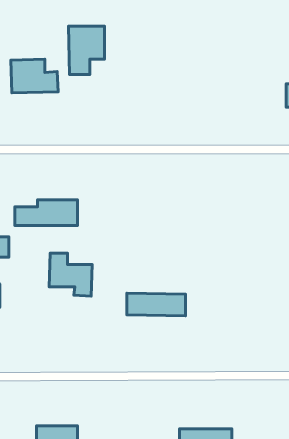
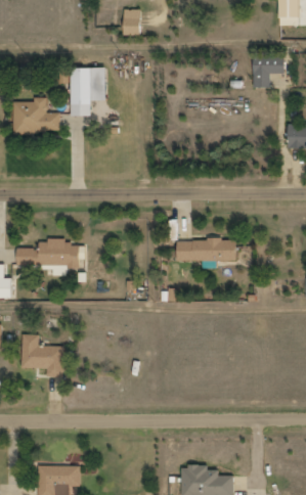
building: none -> [253,56,283,88]
building: [49,253,92,296] -> [20,334,63,377]
building: [127,293,185,316] -> [177,238,235,261]

